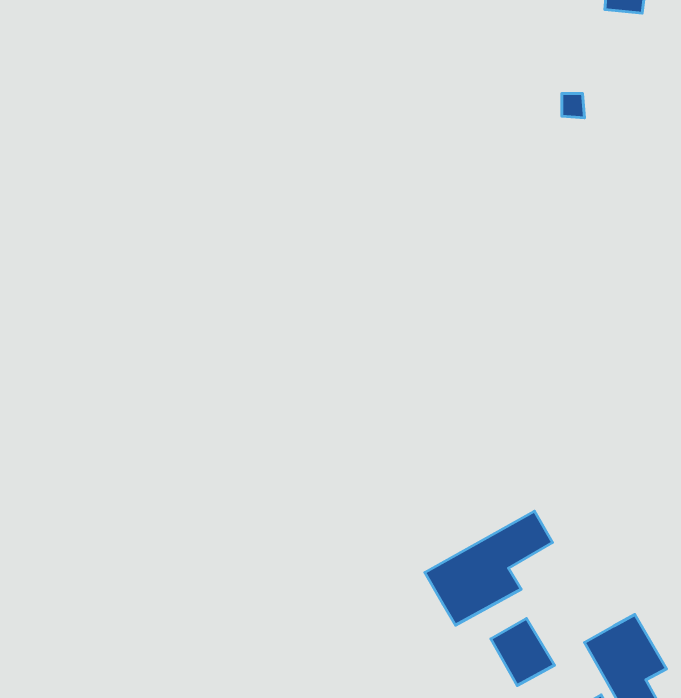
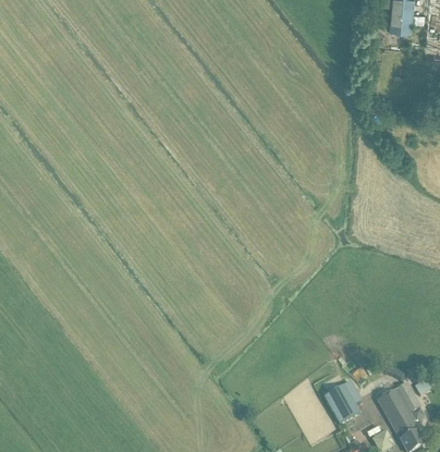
building: [425,511,552,625] -> none

